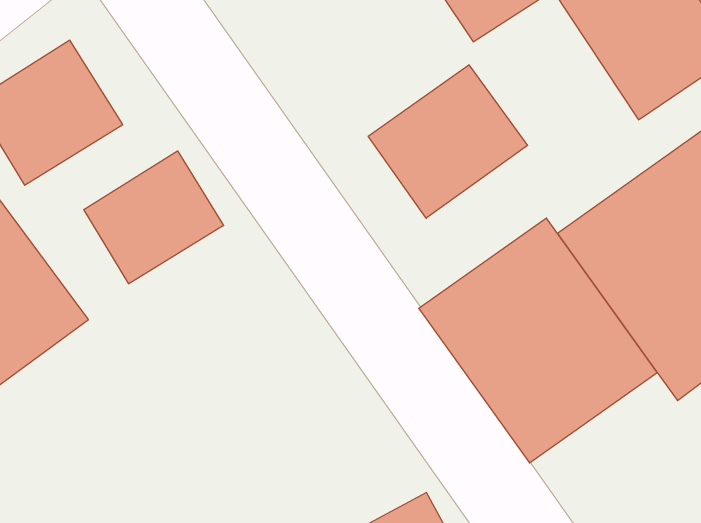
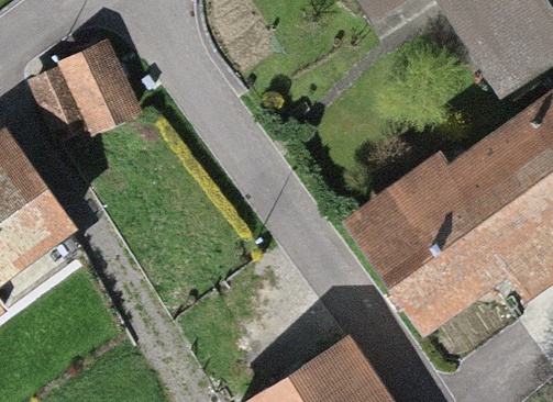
building: [368,65,528,218] -> none
building: [84,151,224,284] -> none

